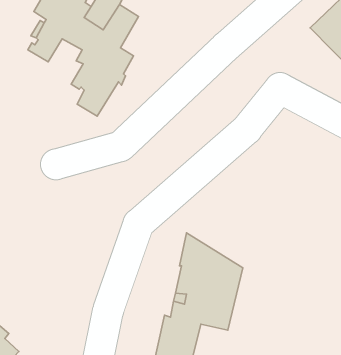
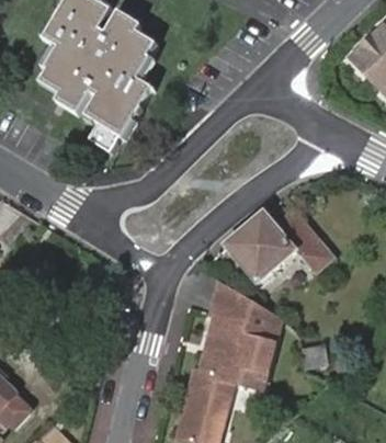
building: none -> [61,68,102,113]
building: none -> [226,209,332,279]

